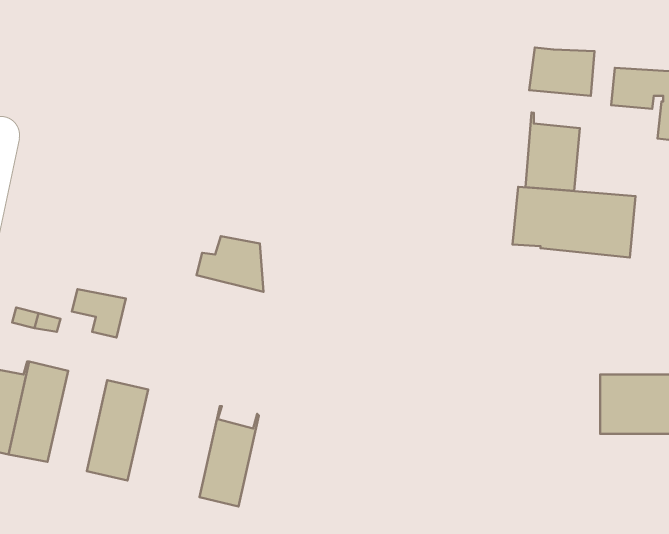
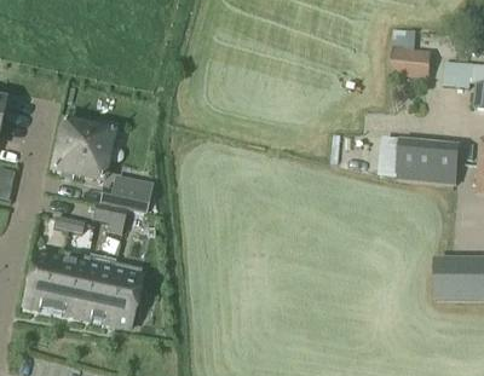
building: [525,112,580,191] -> none
building: none -> [60,125,109,174]
building: [197,236,264,292] -> [100,177,144,213]
building: [199,406,259,507] -> [76,256,115,322]

